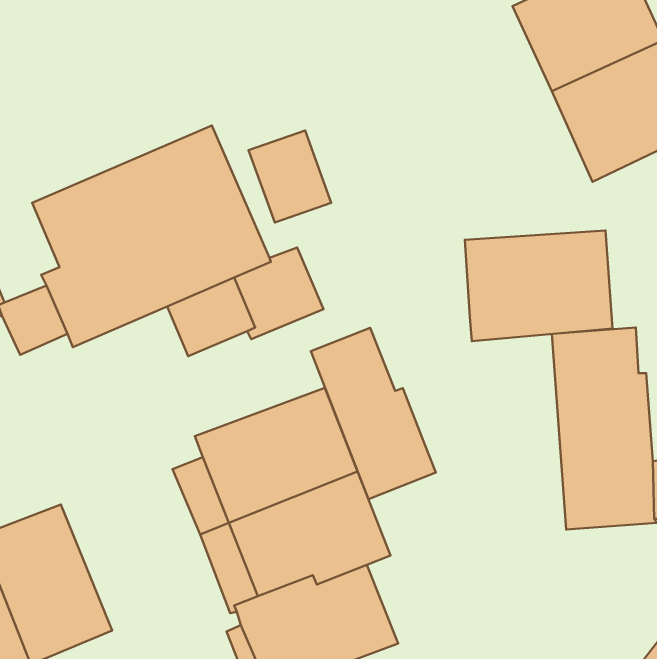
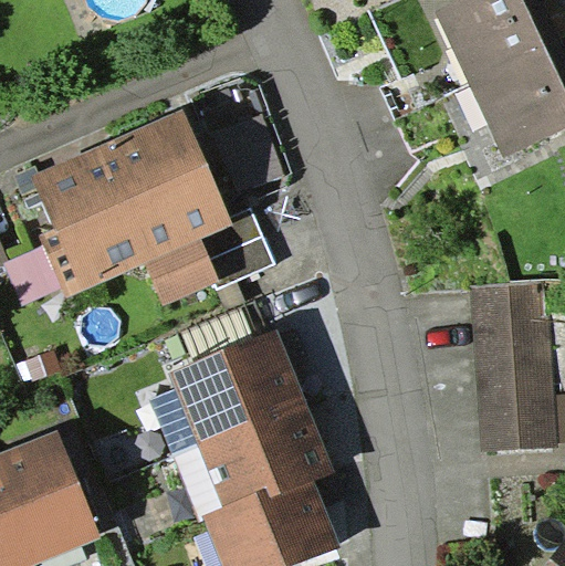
building: [465,230,613,341] -> none
building: [311,328,436,499] -> none

